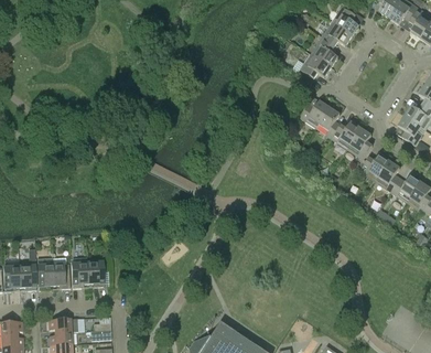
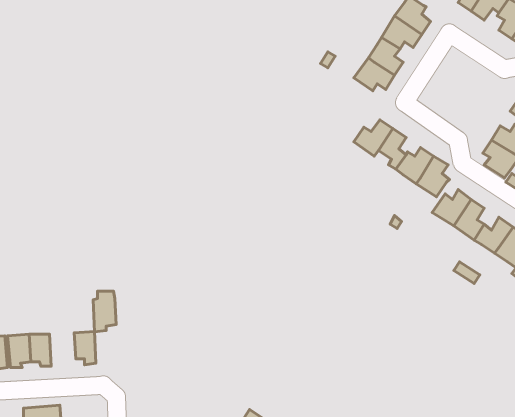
building: [71,257,88,288] -> [93,291,116,332]

